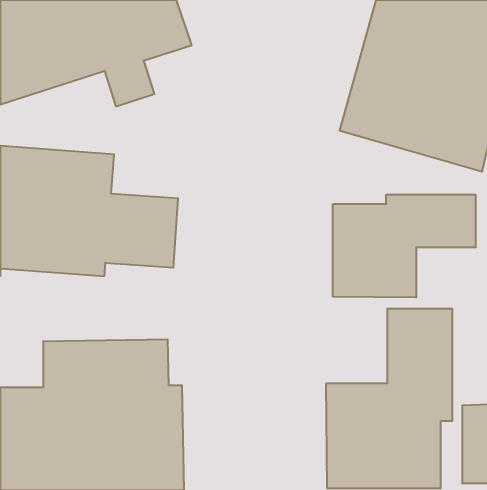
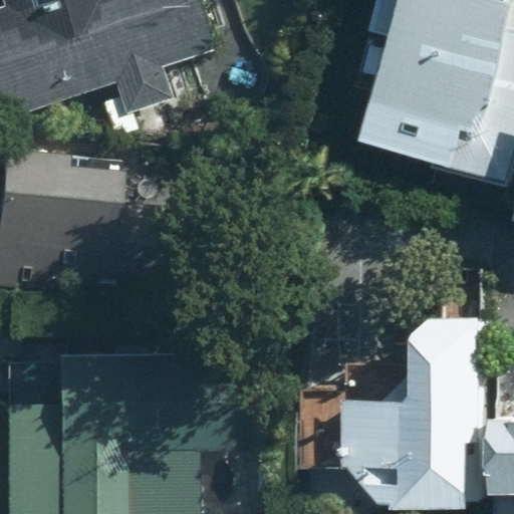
building: [333,195,476,298] -> none

